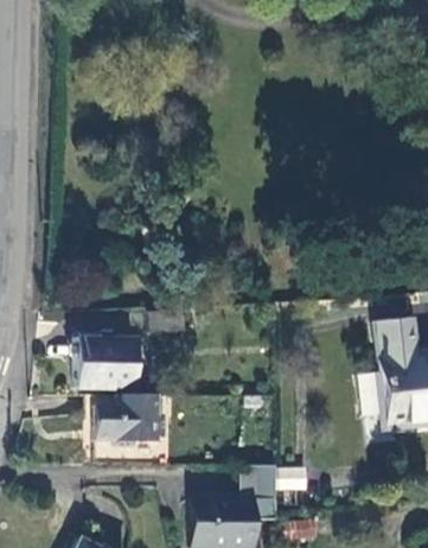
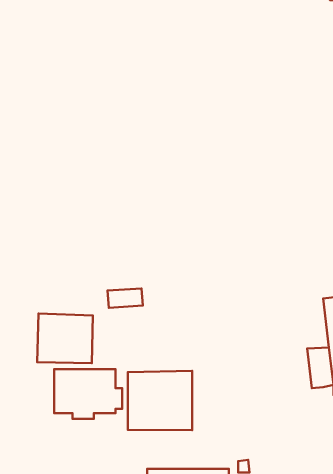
building: none -> [128,371,192,430]
building: [241,465,279,499] -> none

